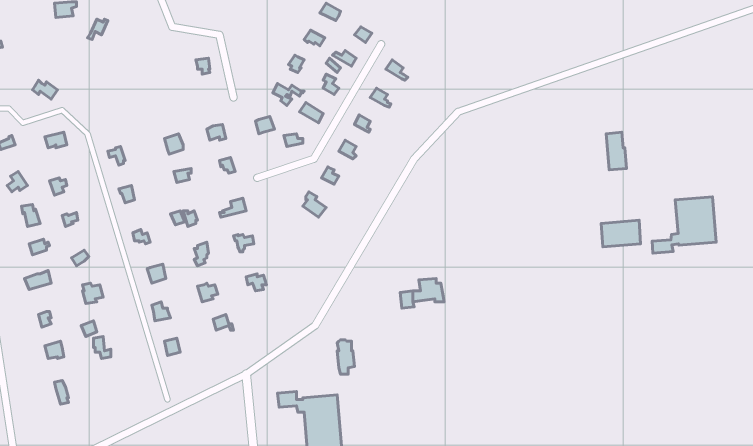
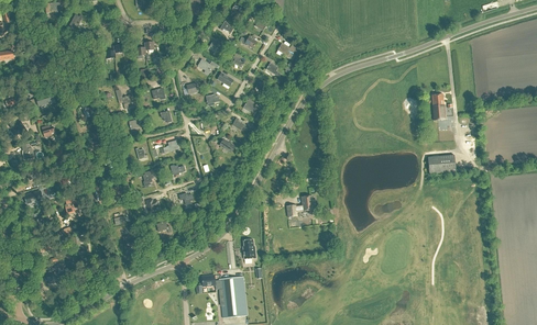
building: [652,197,716,253] -> none

